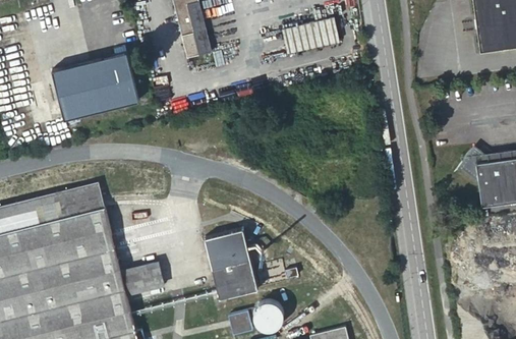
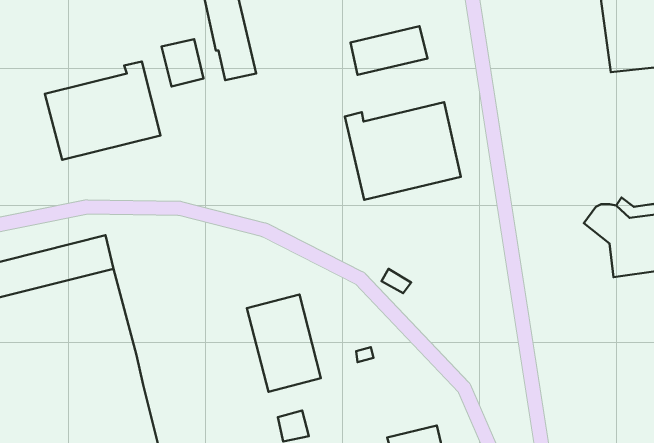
building: none -> [161,39,204,87]
building: none -> [345,102,461,200]
building: [120,262,163,293] -> none
building: [247,297,281,332] -> none

